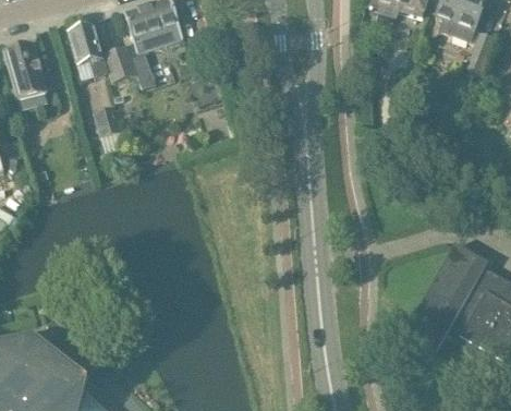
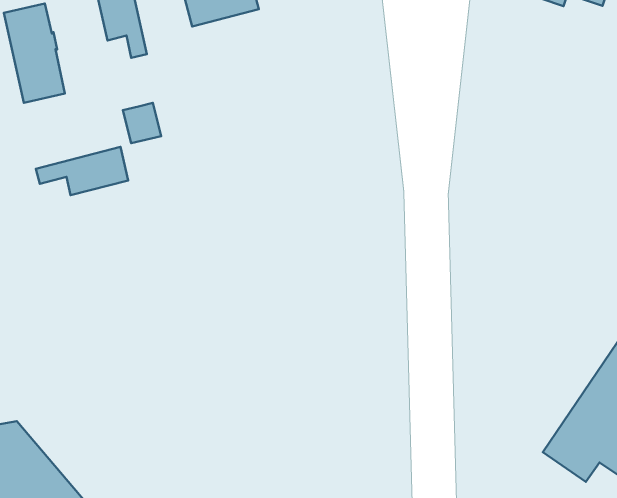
building: [102,44,135,80] -> none
building: none -> [36,147,128,195]

